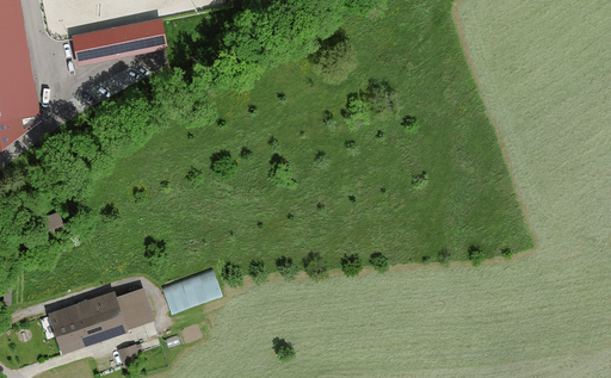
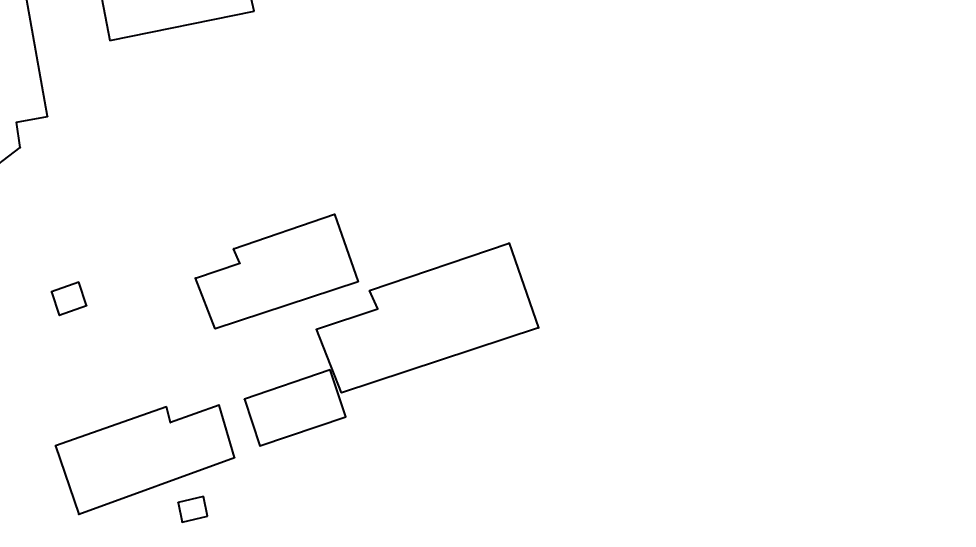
building: none -> [195,214,358,329]
building: none -> [316,243,539,393]

